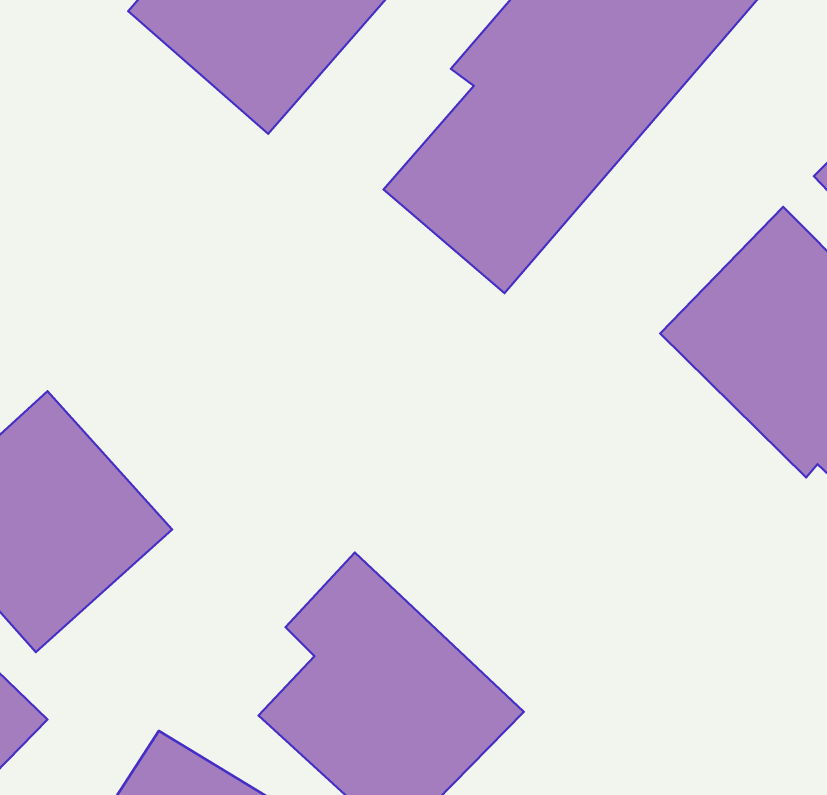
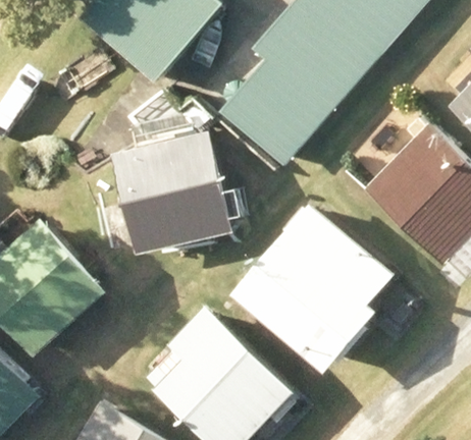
building: none -> [111,130,232,256]
building: none -> [234,205,373,374]

